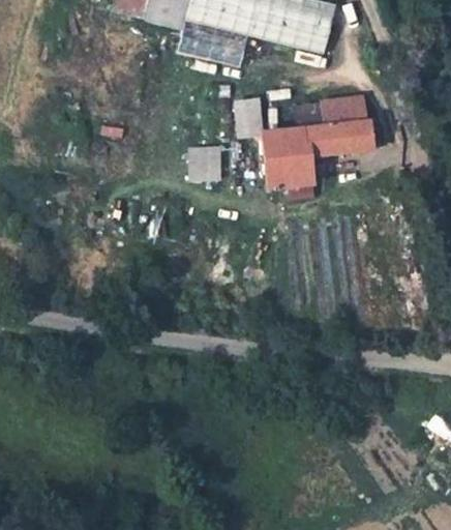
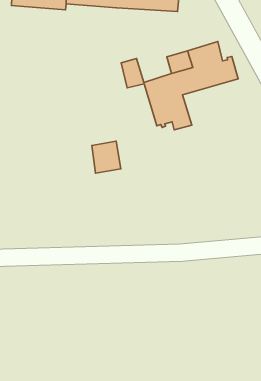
building: [177,19,246,64] -> none
building: [187,147,219,182] -> [92,141,121,173]

